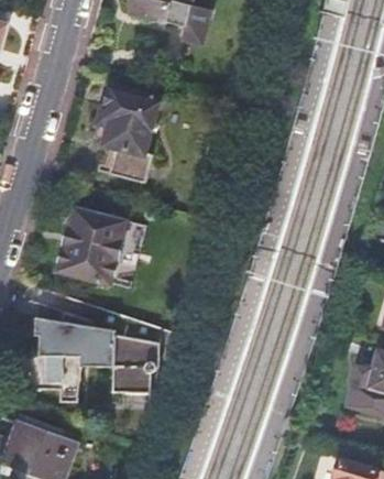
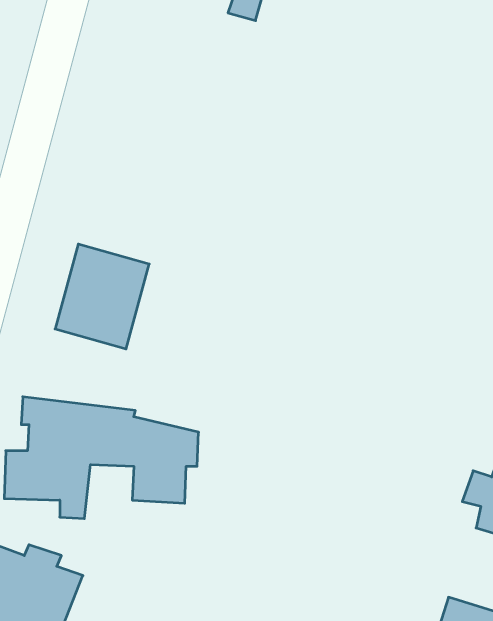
building: [103,86,158,183] -> none

